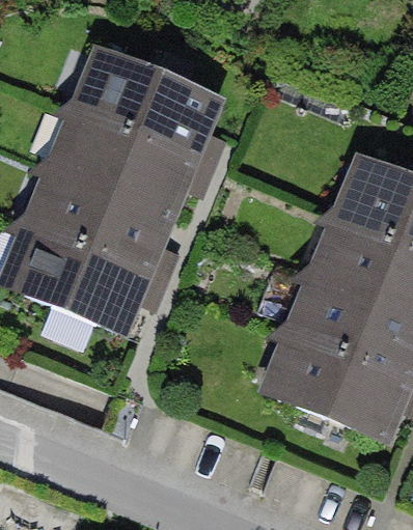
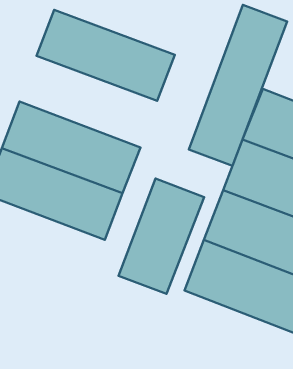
building: none -> [189,5,287,166]
building: [45,96,222,215] -> none
building: none -> [118,179,204,294]

